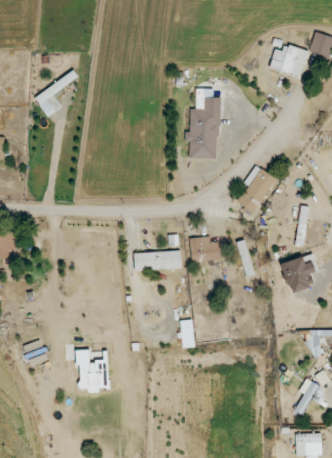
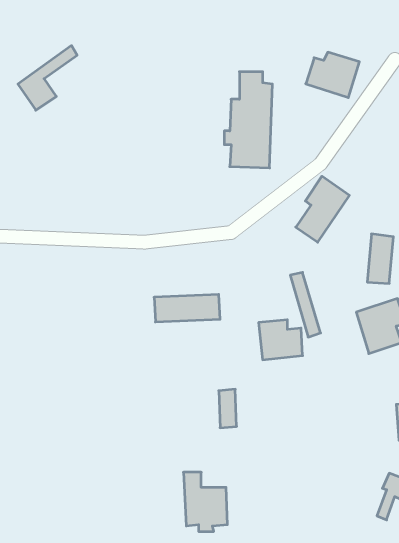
building: [269,45,308,78] -> [306,52,359,98]
building: [189,236,221,265] -> [259,320,303,360]
building: [77,350,109,393] -> [183,472,227,531]

